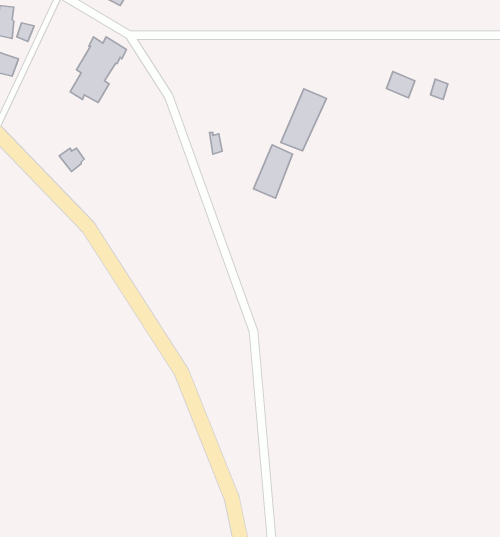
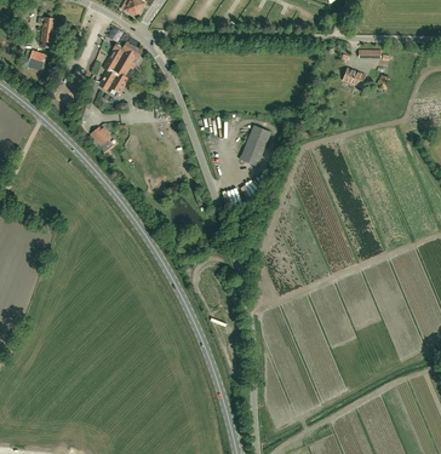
building: [281,89,327,151] -> none

